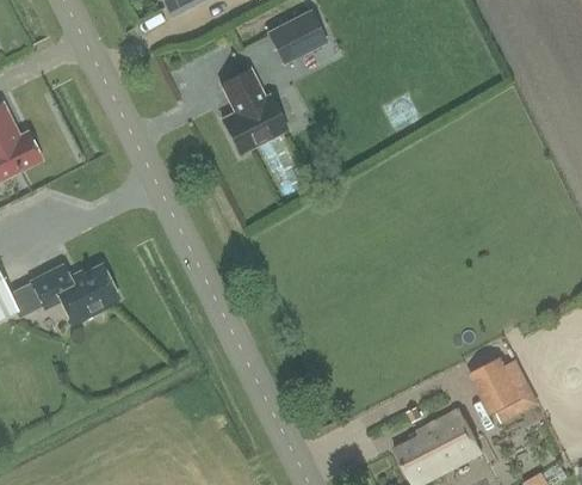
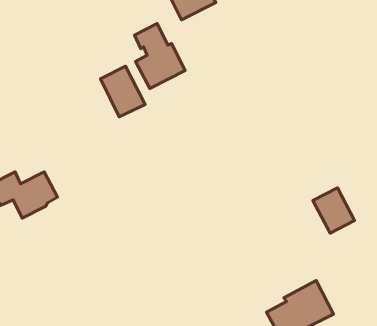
building: none -> [100,66,145,117]
building: [469,356,524,416] -> [313,188,355,233]

